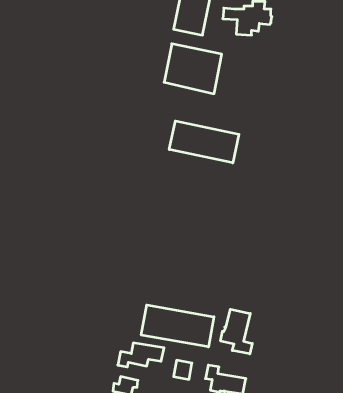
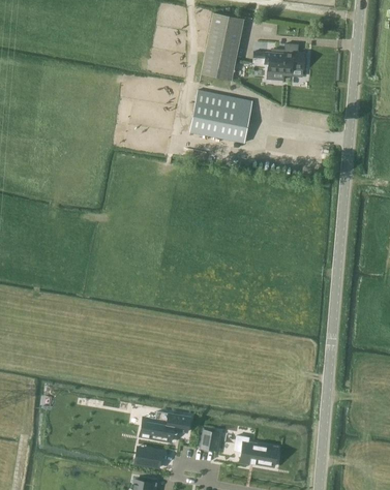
building: [169,121,239,163] -> none
building: [141,305,214,347] -> none
building: [221,309,252,354] -> none

